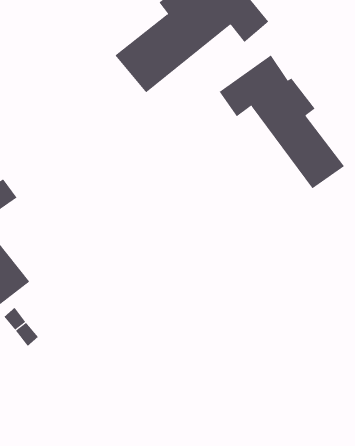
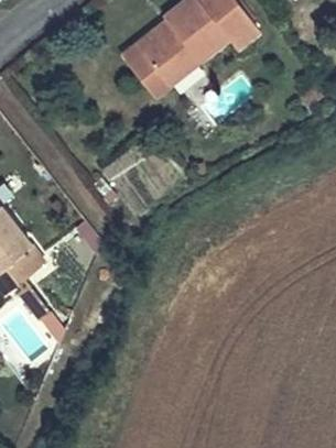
building: [219,55,345,189] -> none

